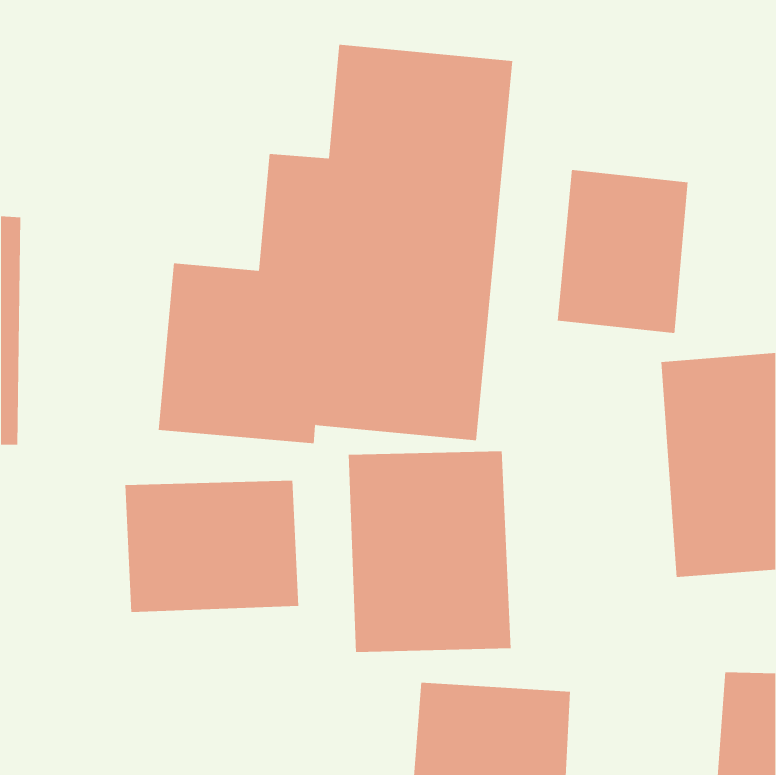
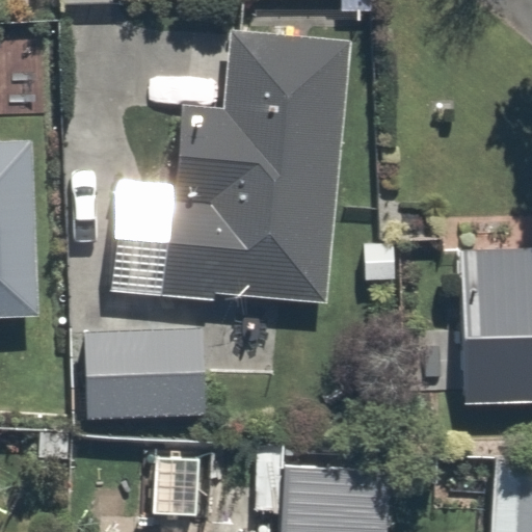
building: [557,169,688,334] -> none
building: [348,450,511,653] -> none

